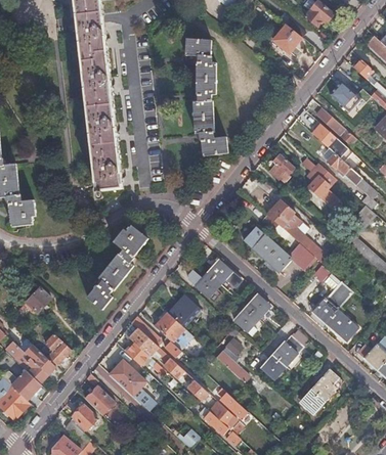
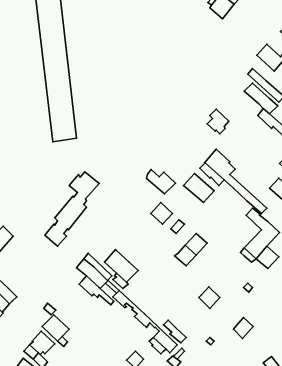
building: [184,40,228,155] -> none
building: [301,158,338,208] -> none
building: [265,243,314,272] -> none
building: [186,269,219,297] -> [146,169,175,194]
building: [167,295,198,327] -> none
building: [271,327,306,367] -> none
building: [43,333,70,366] -> none
building: [214,339,248,382] -> none
building: [109,367,156,413] -> none
building: [310,370,339,400] -> none

